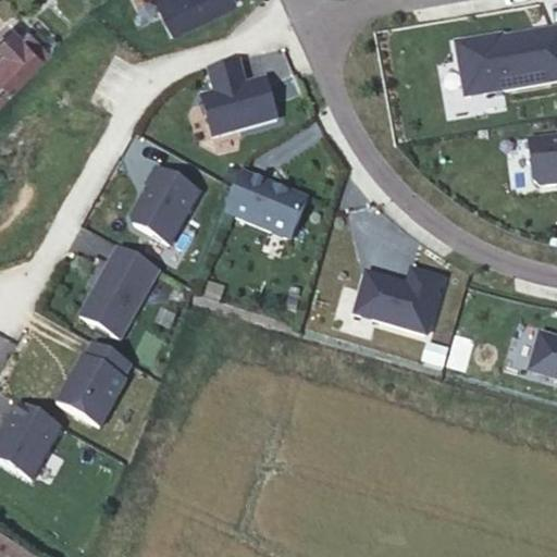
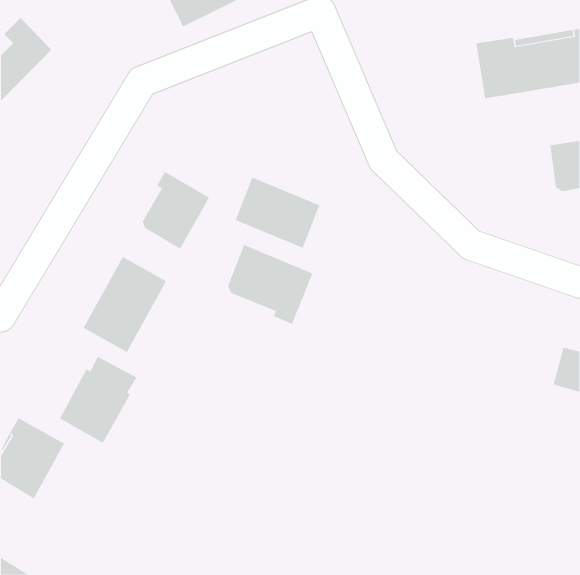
building: [205,58,277,133] -> none
building: none -> [228,244,313,325]
building: [354,268,443,333] -> none

